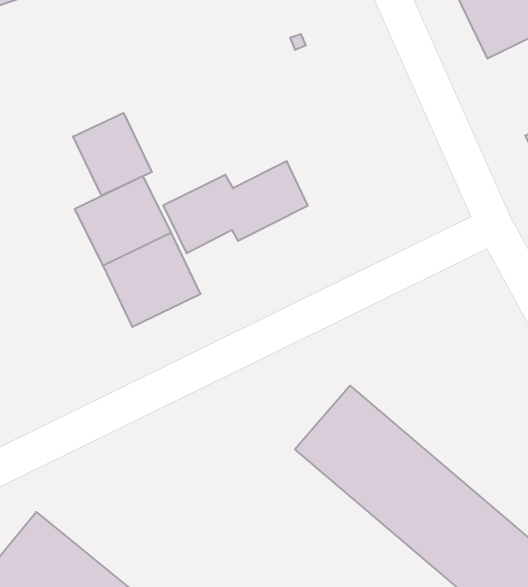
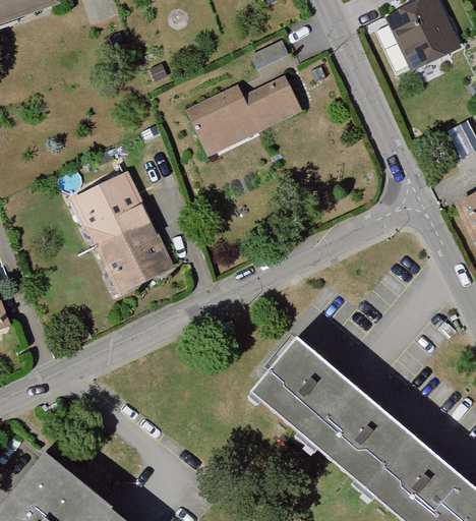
building: [73,113,152,196] -> none
building: [163,161,308,253] -> [184,69,304,146]

